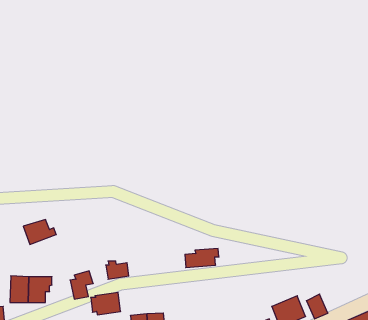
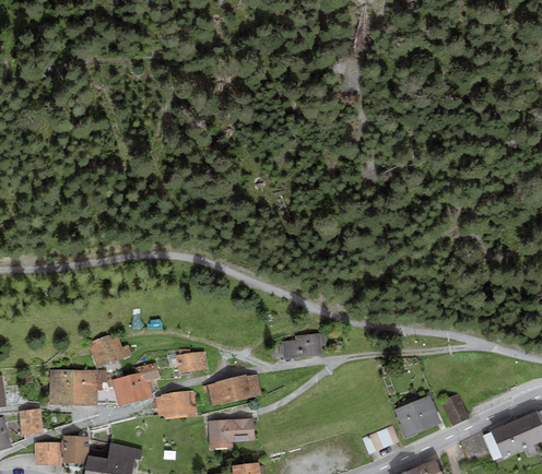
building: [23,220,56,244] -> [87,334,131,367]
building: none -> [107,371,134,405]
building: none -> [202,375,261,405]

